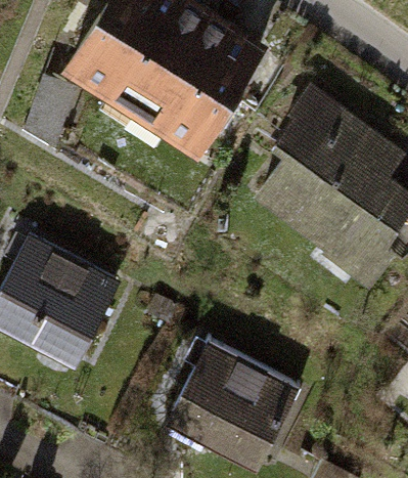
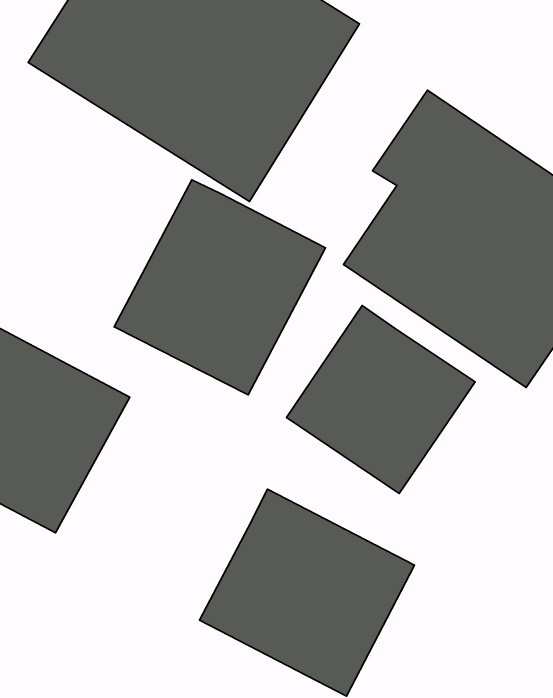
building: none -> [114,180,326,395]
building: none -> [286,306,475,494]

